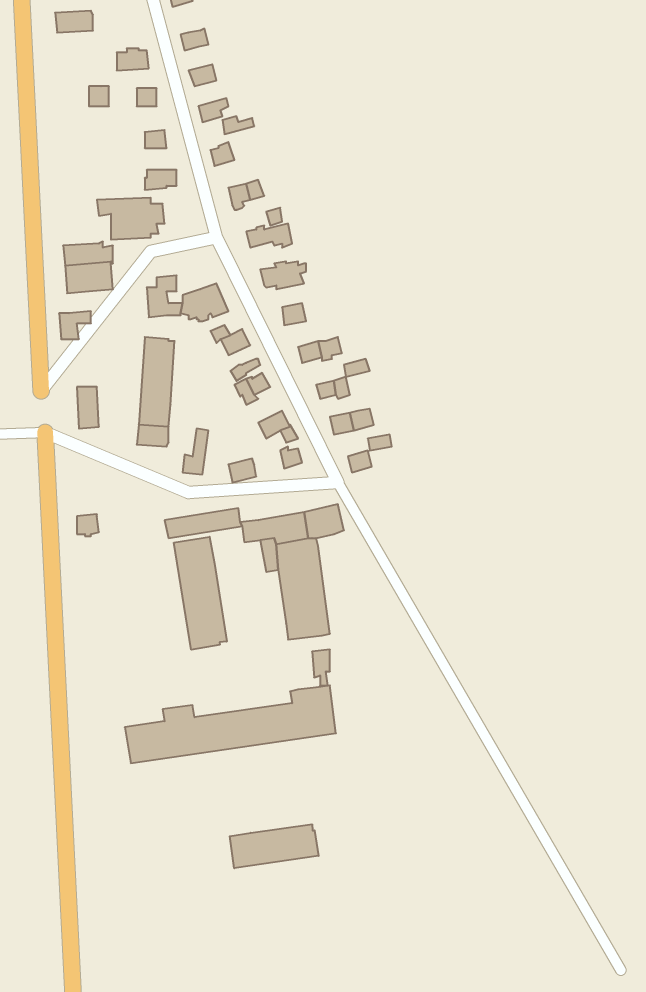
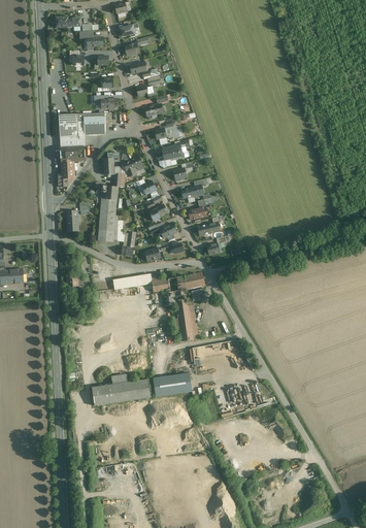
building: none -> [58,113,77,137]
building: [174,537,227,650] -> none
building: [230,824,319,868] -> none

